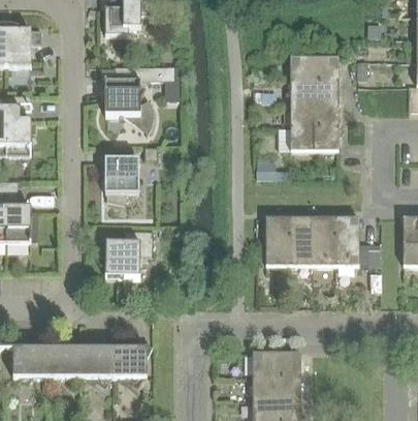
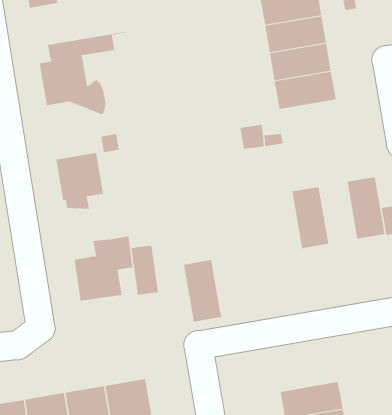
building: [265,217,289,265] -> [183,260,222,322]
building: [312,217,334,265] -> none
building: none -> [131,245,159,296]
building: [252,353,300,377] -> none

